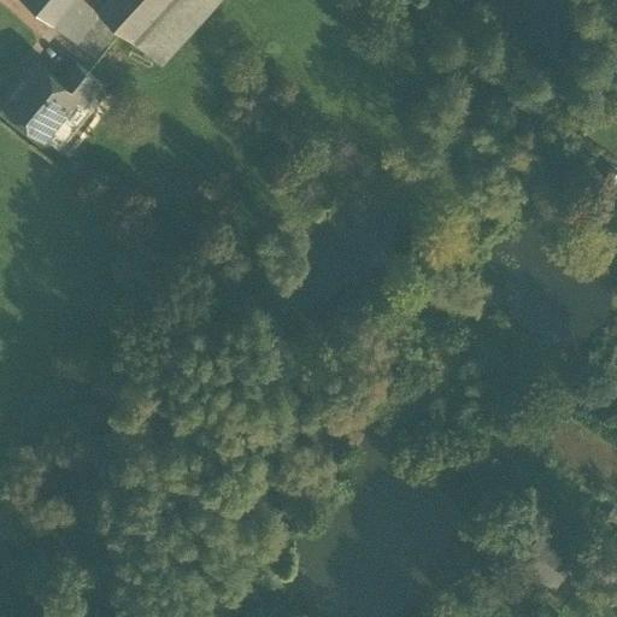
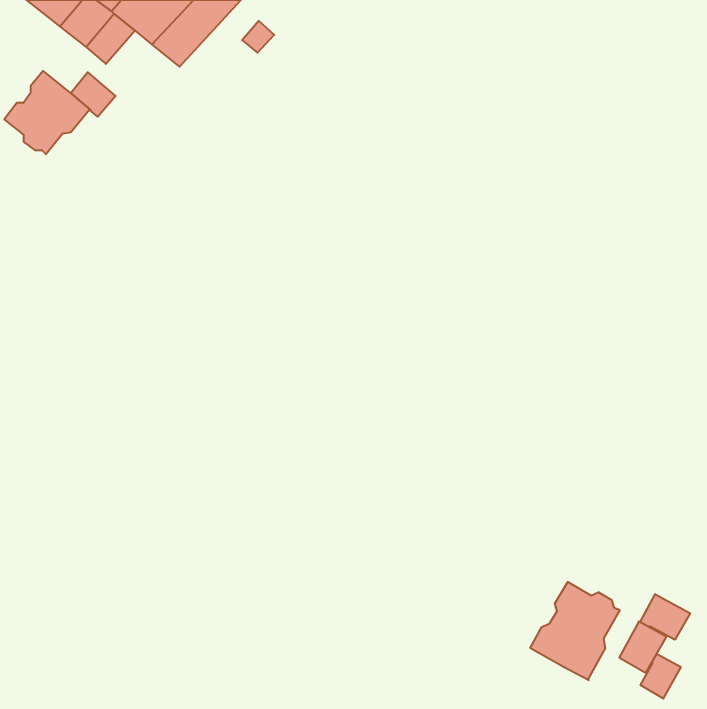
building: none -> [530,582,620,680]
building: none -> [640,594,690,640]
building: none -> [641,654,681,699]

